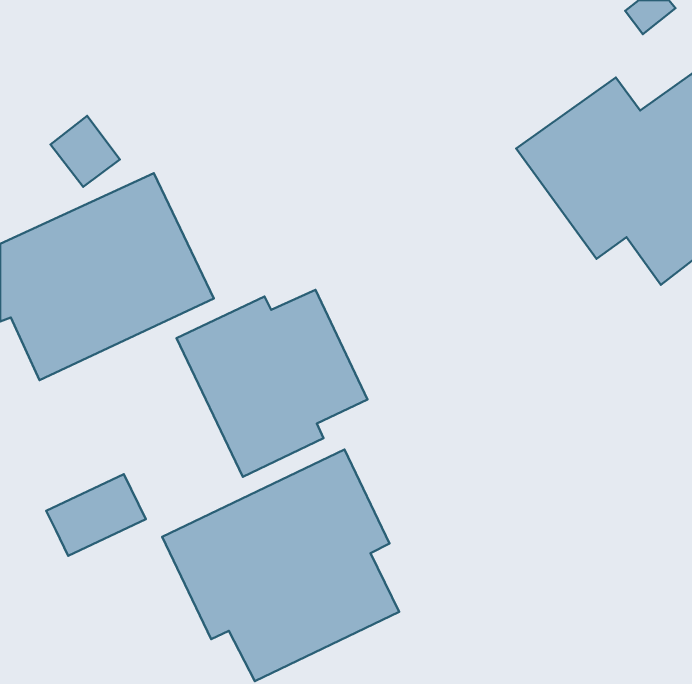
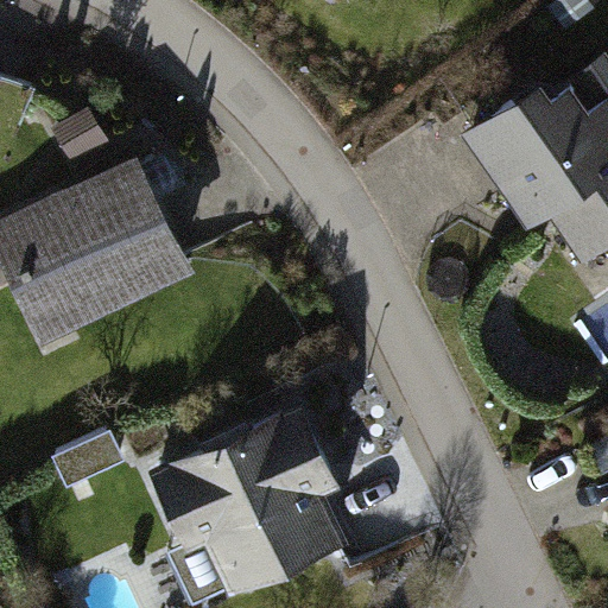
building: [177,290,368,477] -> none

